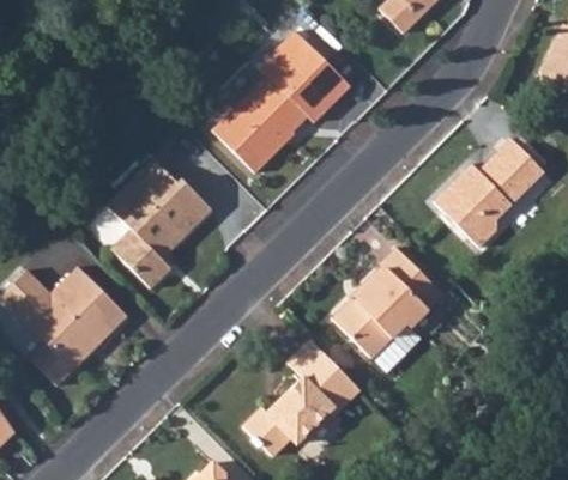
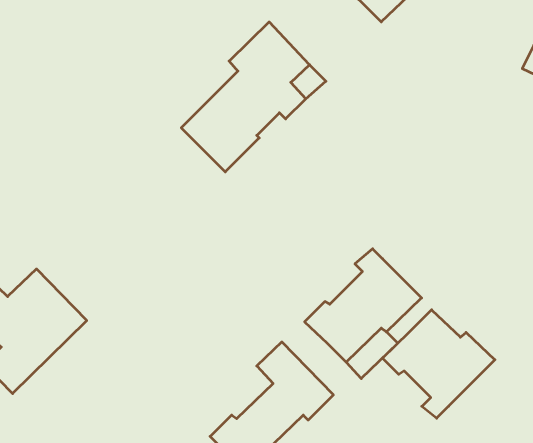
building: [431,135,544,247] -> none
building: [110,162,212,286] -> none
building: none -> [382,310,495,418]

